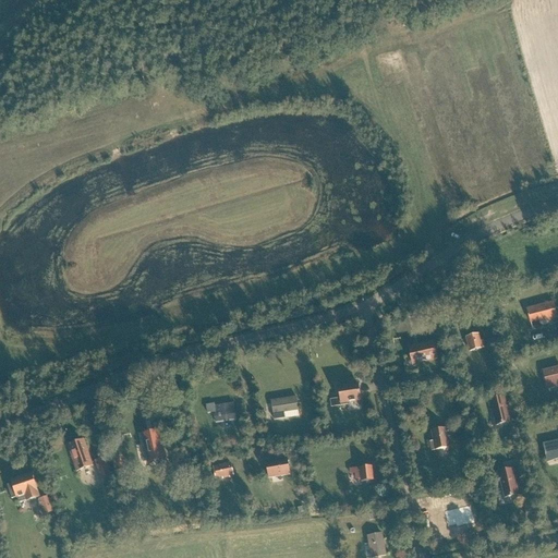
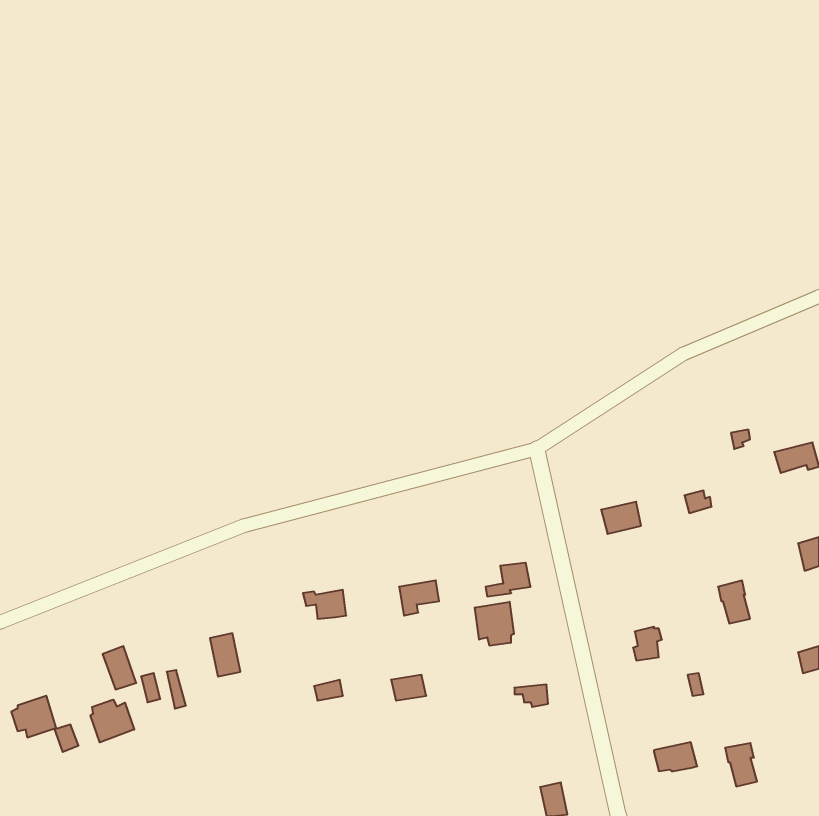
building: none -> [475,602,514,646]
building: [497,468,519,497] -> [725,743,757,786]
building: none -> [90,700,134,742]

